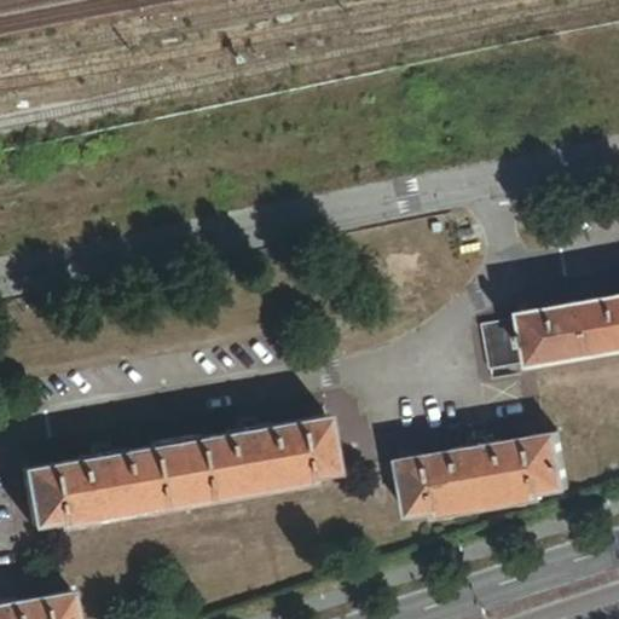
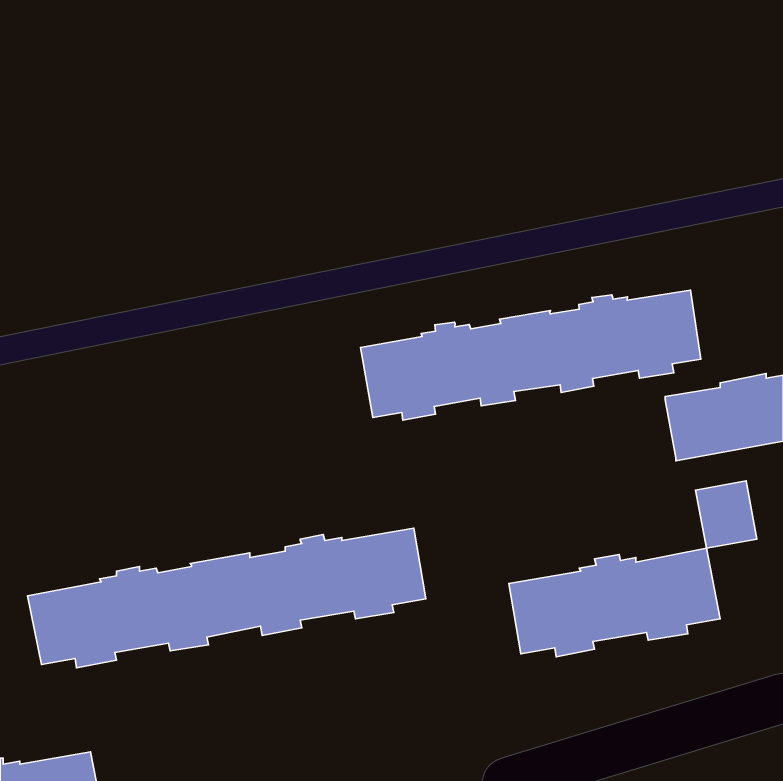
building: none -> [361,290,701,420]
building: [485,317,533,370] -> [696,481,757,548]

